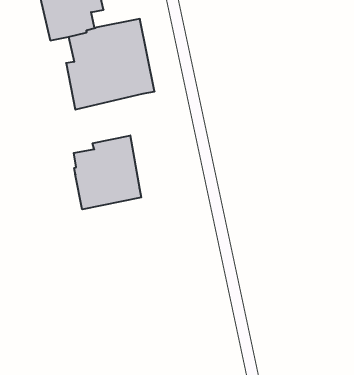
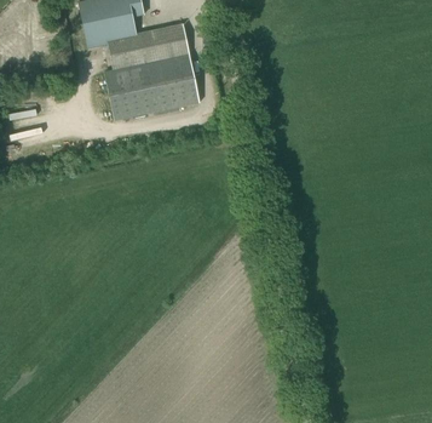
building: [74,135,141,209] -> none

